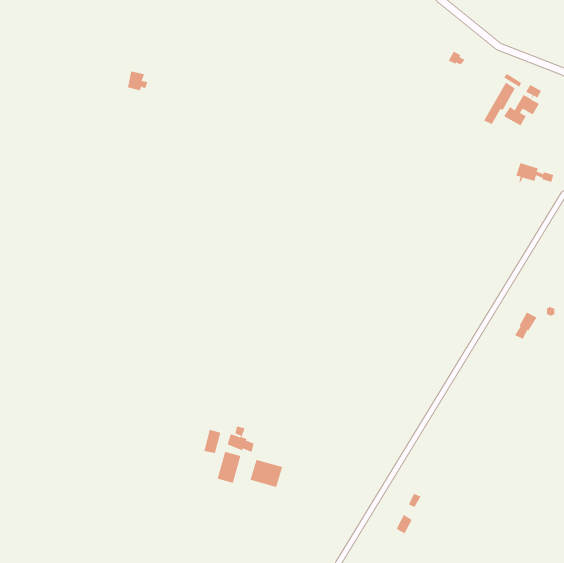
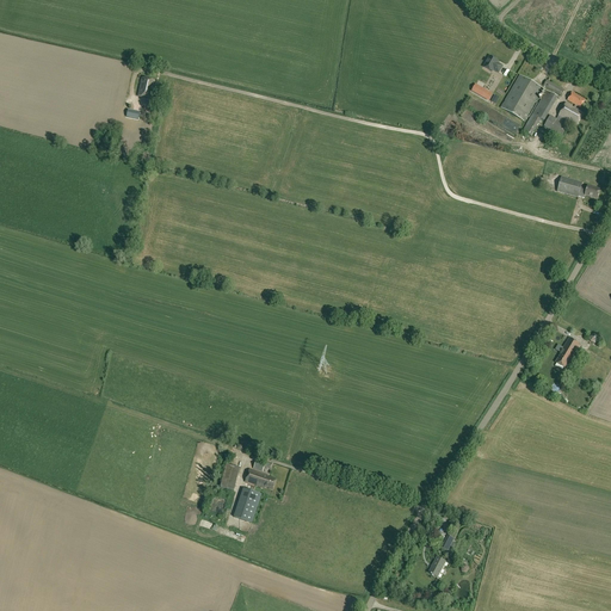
building: none -> [500,74,542,119]
building: [250,459,283,488] -> none

